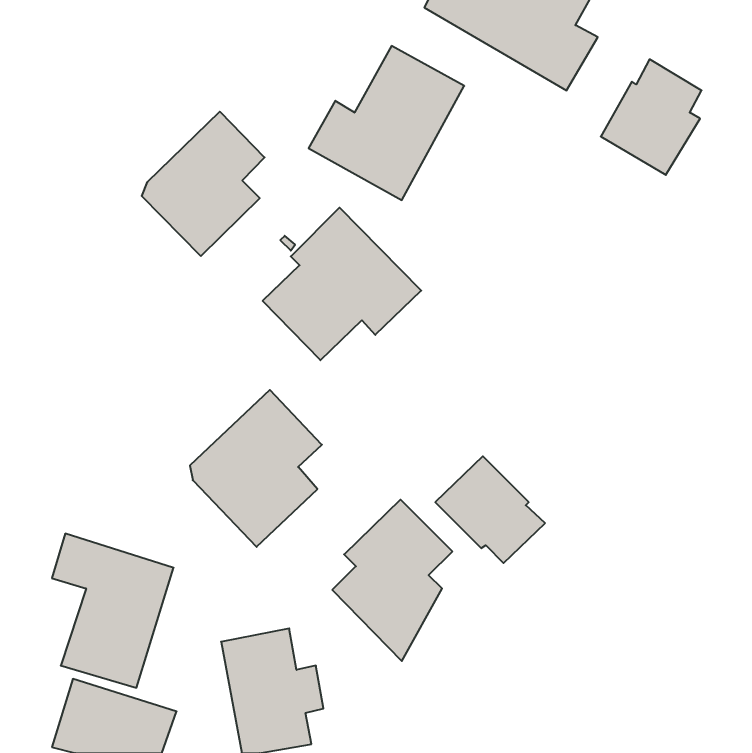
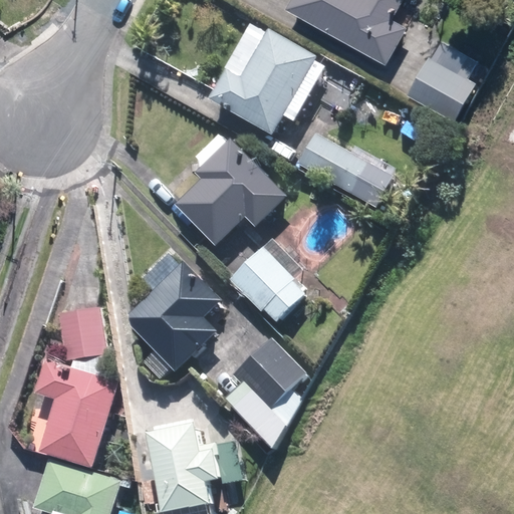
building: [142,112,265,256] -> none
building: none -> [298,134,391,207]
building: [435,456,545,563] -> [230,249,304,321]
building: none -> [60,309,104,359]

